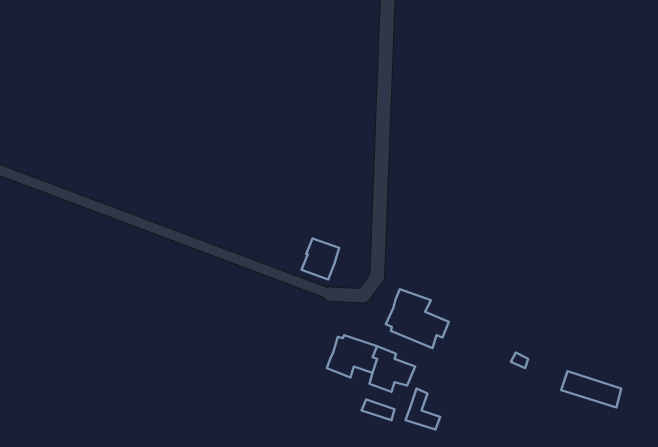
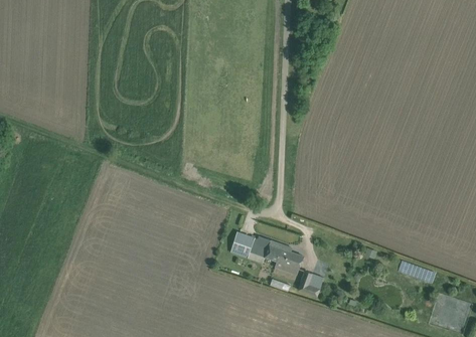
building: [302,238,339,279] -> [230,231,255,258]
building: [386,289,449,348] -> none

